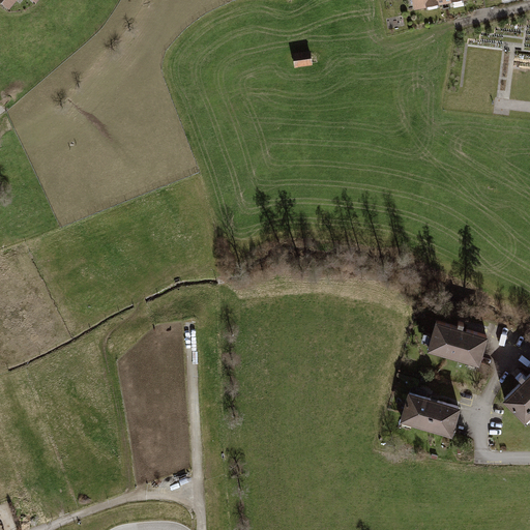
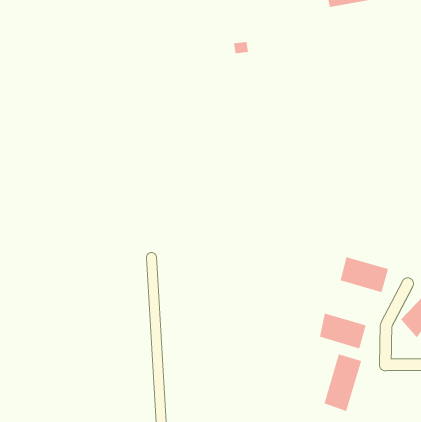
building: none -> [324,353,362,412]

